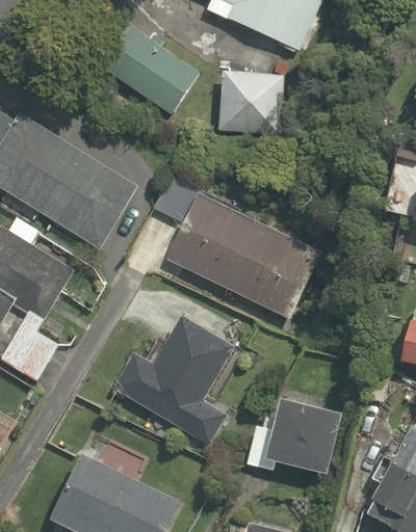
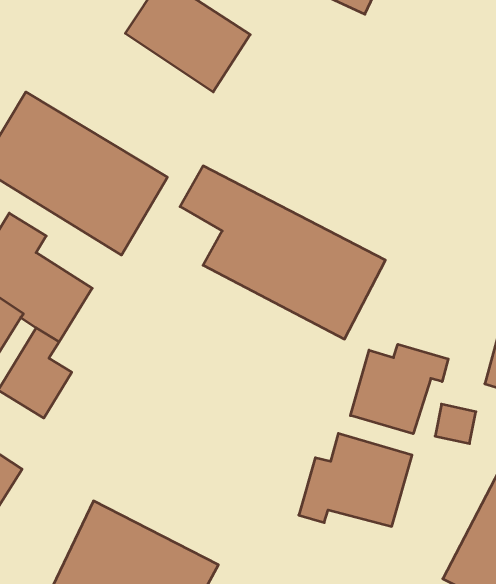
building: [216,69,285,136] -> none
building: [115,318,233,451] -> none
building: none -> [350,344,448,434]

